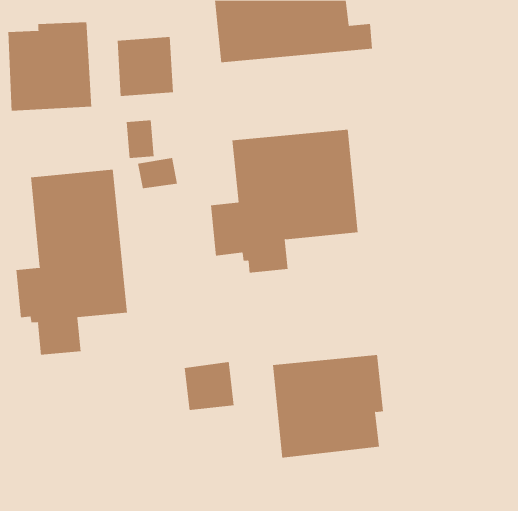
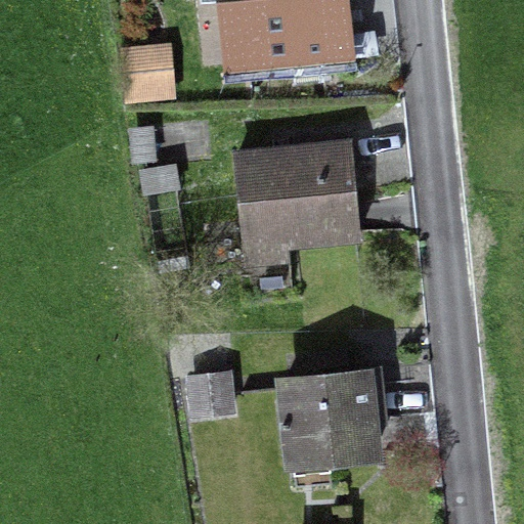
building: [8,21,92,112] -> none
building: [16,169,127,356] -> none

